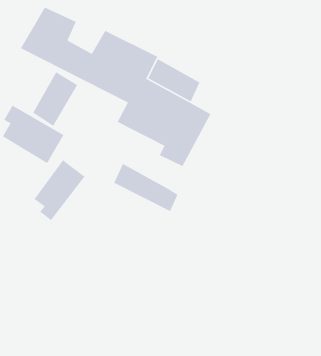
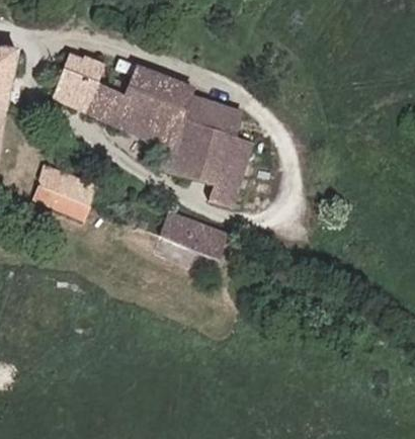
building: [32,71,78,127] -> none
building: [33,159,85,221] -> none

